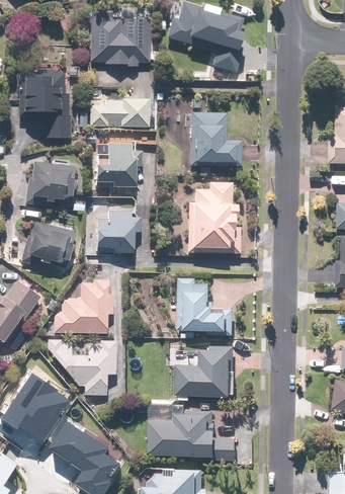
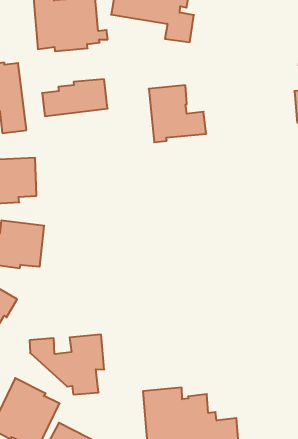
building: [96,143,137,186] -> none
building: [187,181,240,254] -> none
building: [95,210,141,255] -> none
building: [177,276,229,331] -> none
building: [53,277,115,334] -> none
building: [176,345,233,396] -> none

